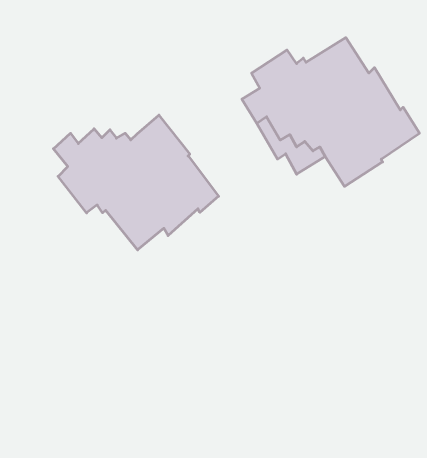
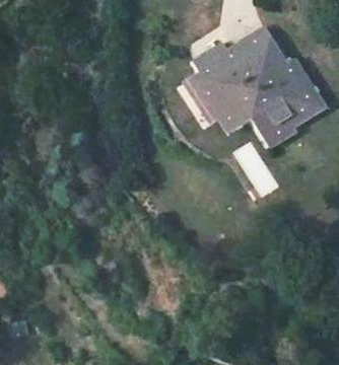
building: [53,115,219,250] -> none

